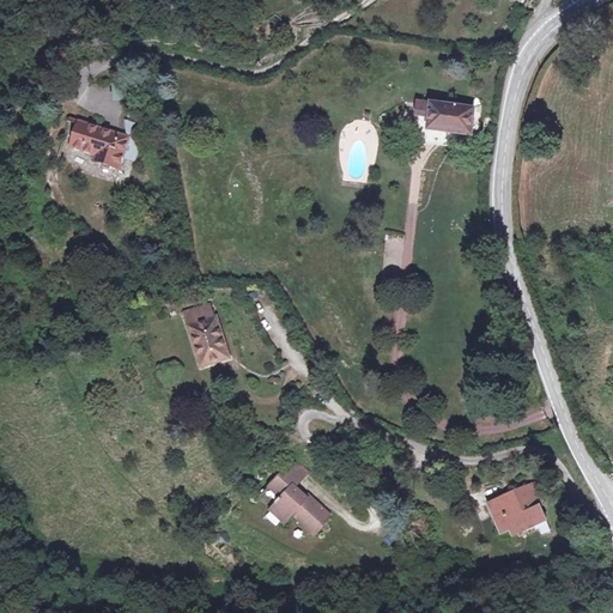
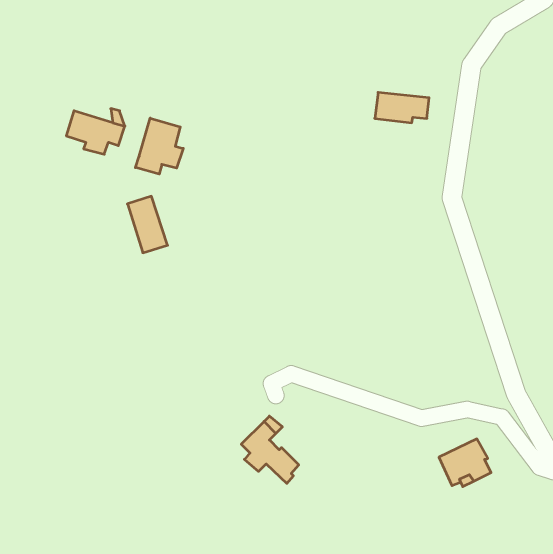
building: none -> [135,118,183,174]
building: [184,299,229,362] -> [127,196,168,253]

